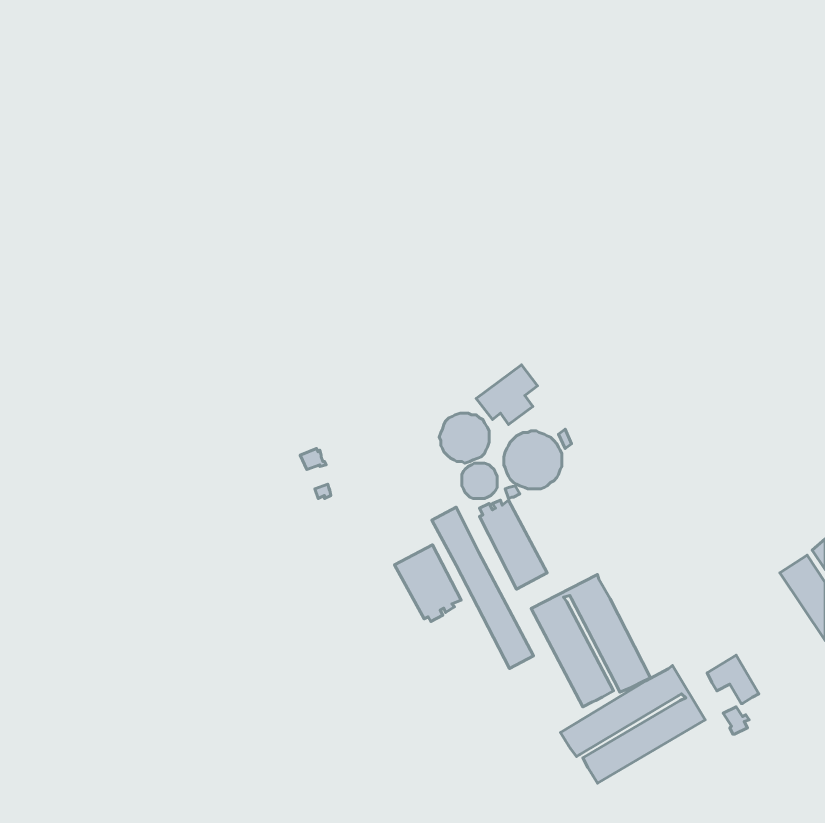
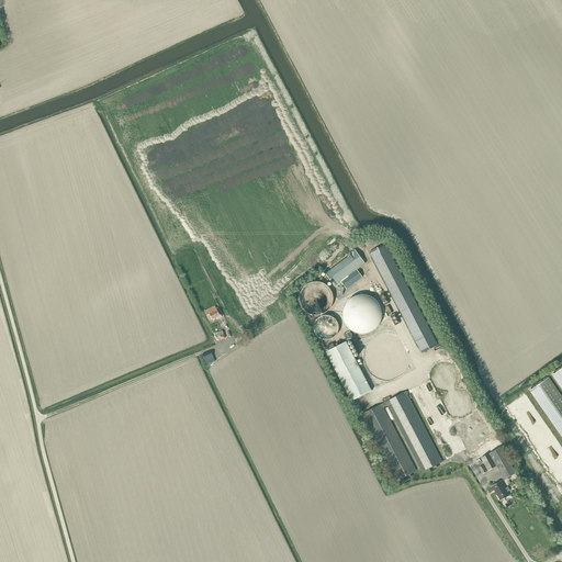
building: [432,507,534,669] -> [369,243,438,352]
building: [394,545,461,621] -> none
building: [560,665,705,783] -> none

